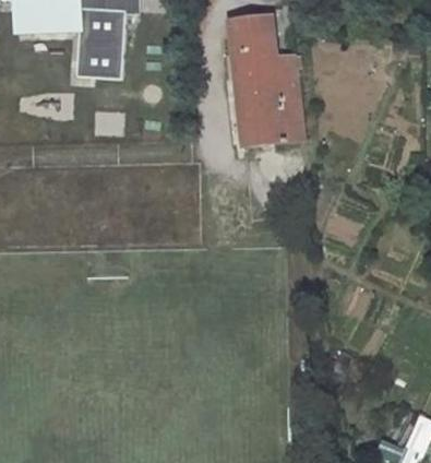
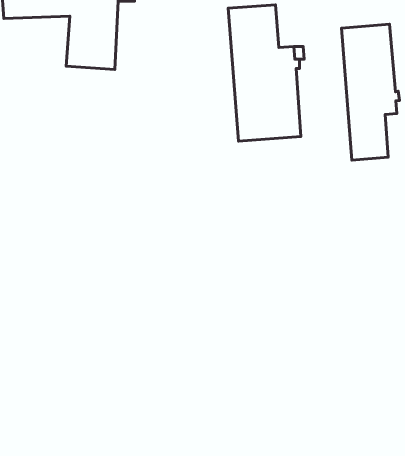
building: none -> [341,24,399,160]

